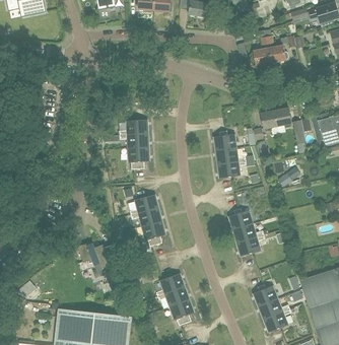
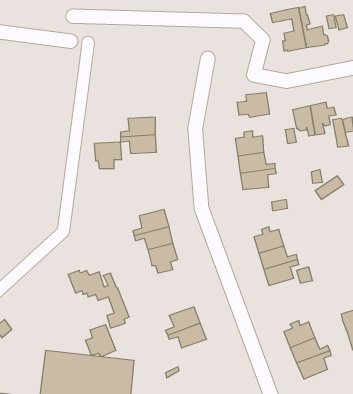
building: none -> [237,92,269,117]
building: [128,147,150,168] -> [94,142,122,168]
building: none -> [85,325,116,357]
building: [170,299,195,325] -> none

